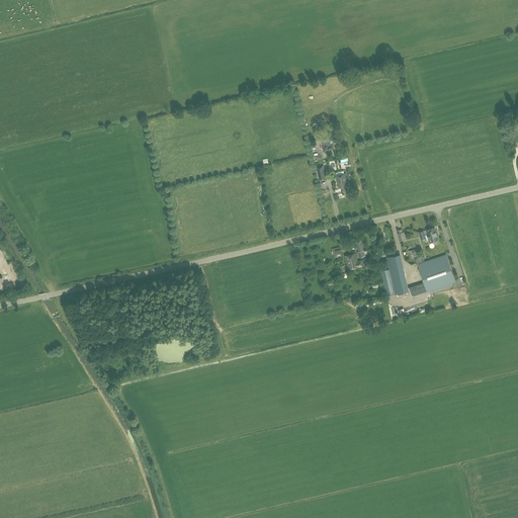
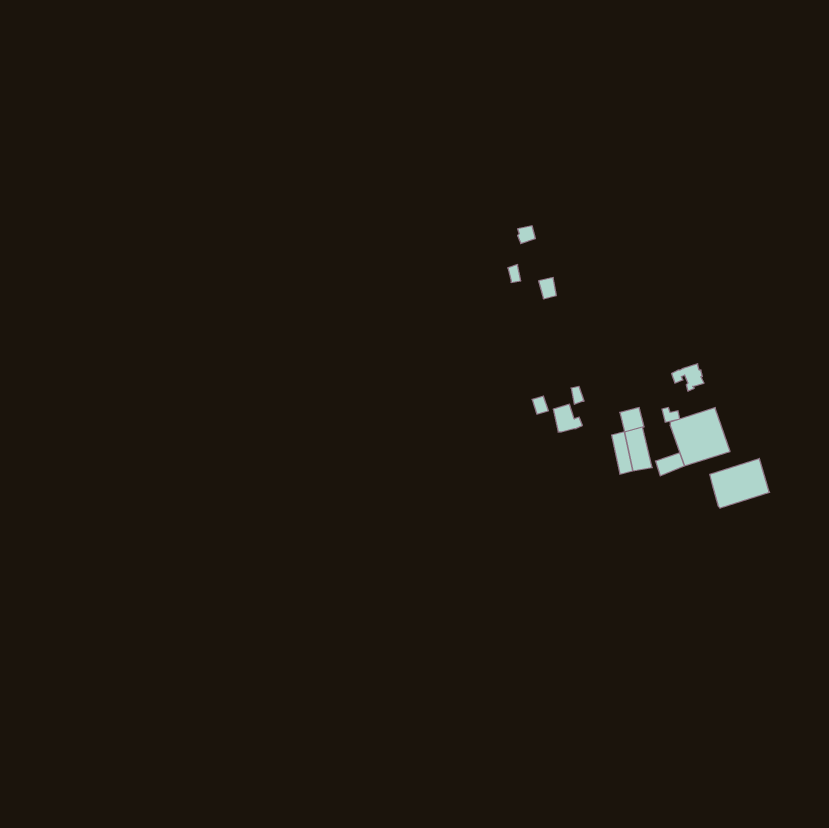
building: none -> [710,458,770,508]

